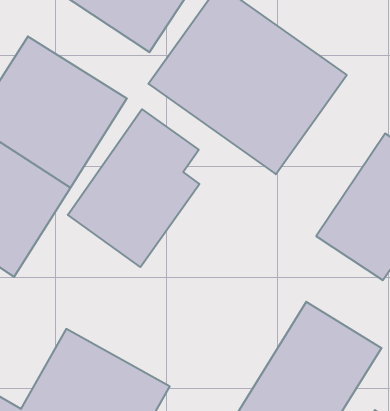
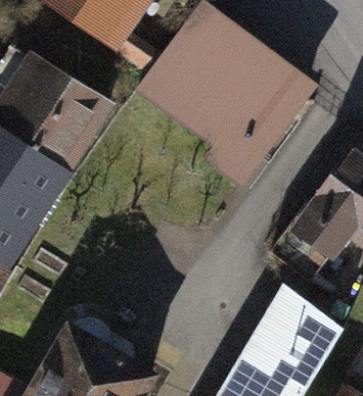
building: [68,109,199,267] -> none

